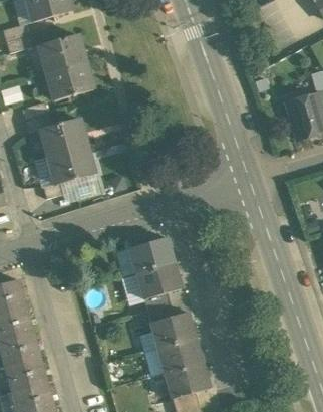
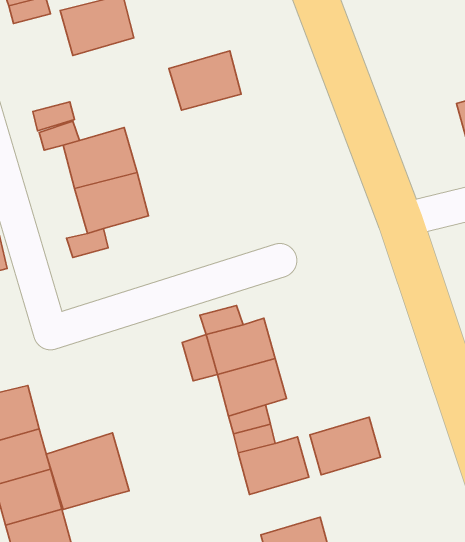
building: [47,61,92,98] -> [169,51,241,110]
building: none -> [46,433,129,509]
building: [157,337,202,373] -> [310,417,380,475]

